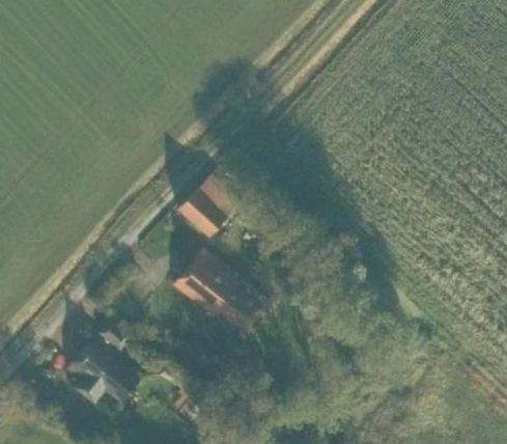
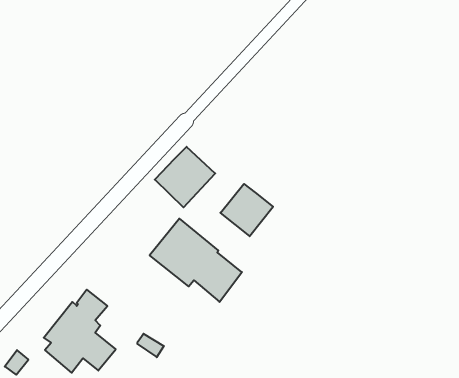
building: none -> [220,184,273,236]

